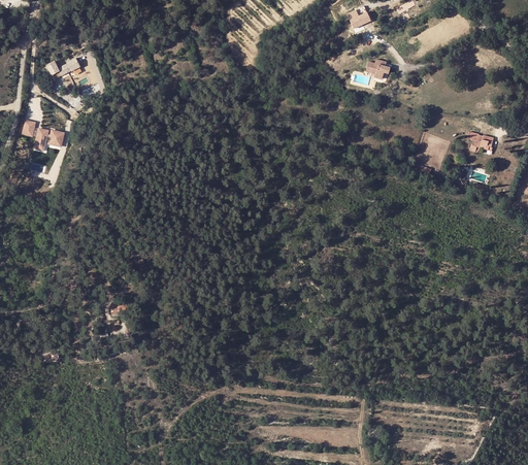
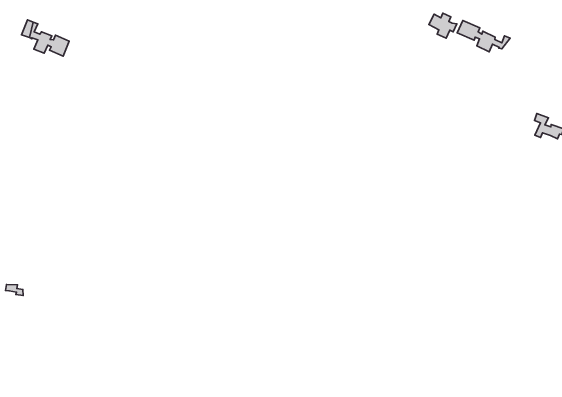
building: none -> [457,20,510,52]

